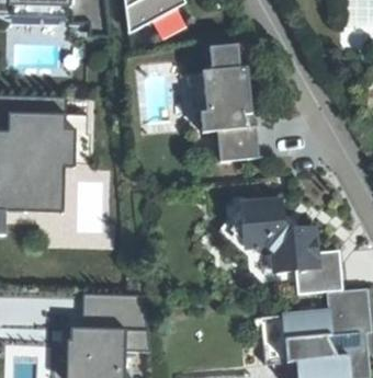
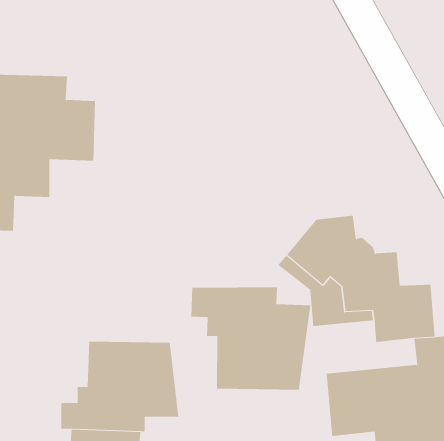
building: [200,46,257,162] -> none
building: none -> [191,287,311,391]

